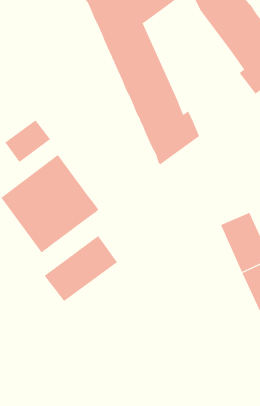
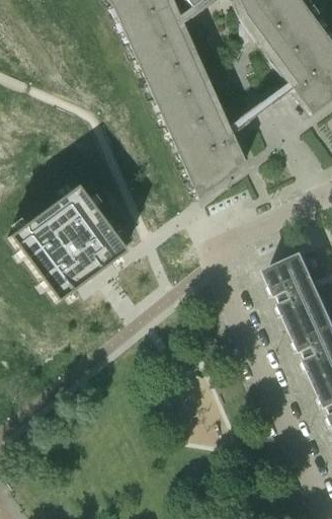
building: [4,119,51,163] -> none
building: [44,235,118,302] -> none

